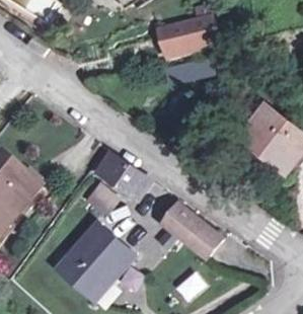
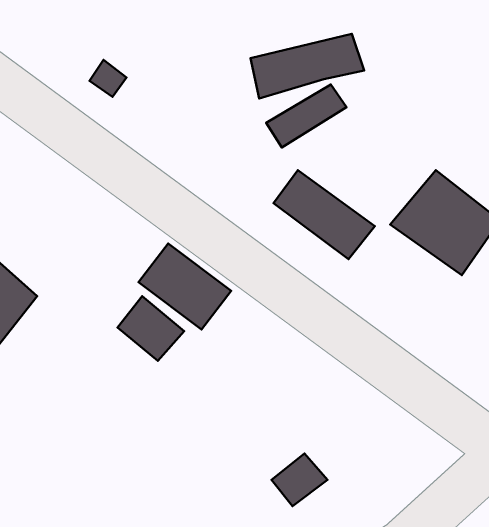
building: [161,204,220,255] -> [273,170,375,259]
building: [63,226,133,298] -> none

